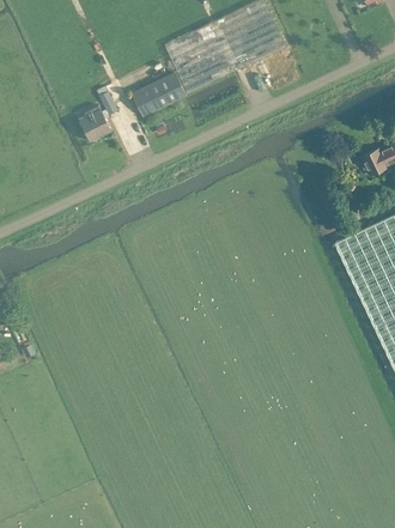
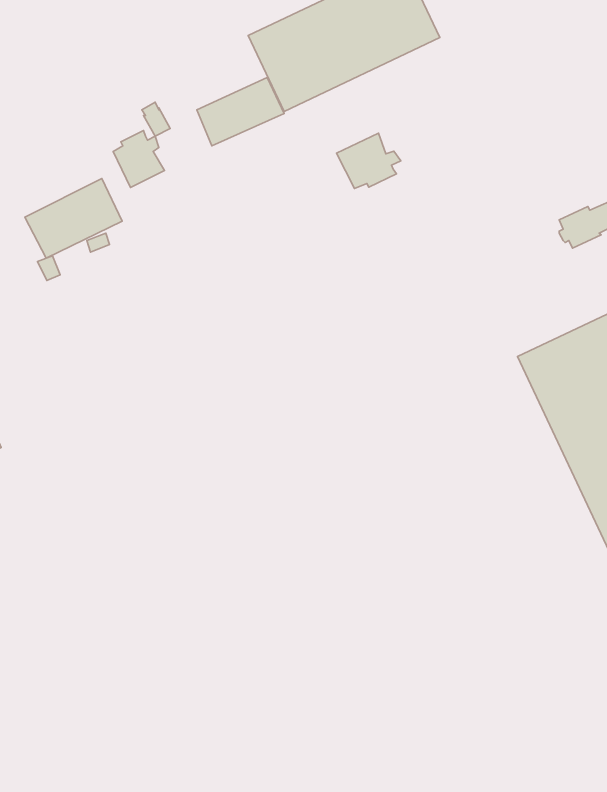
building: none -> [337,133,401,188]
building: none -> [25,179,122,258]

